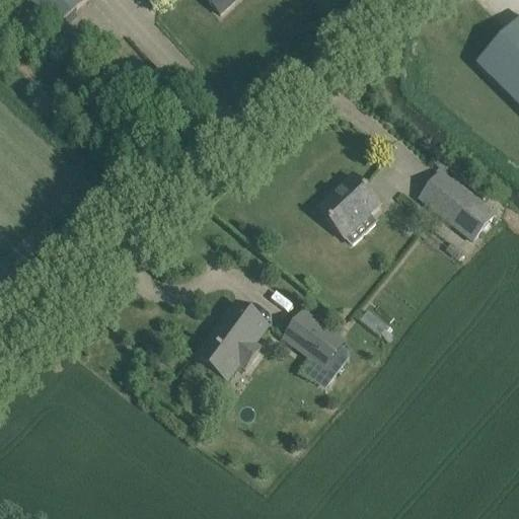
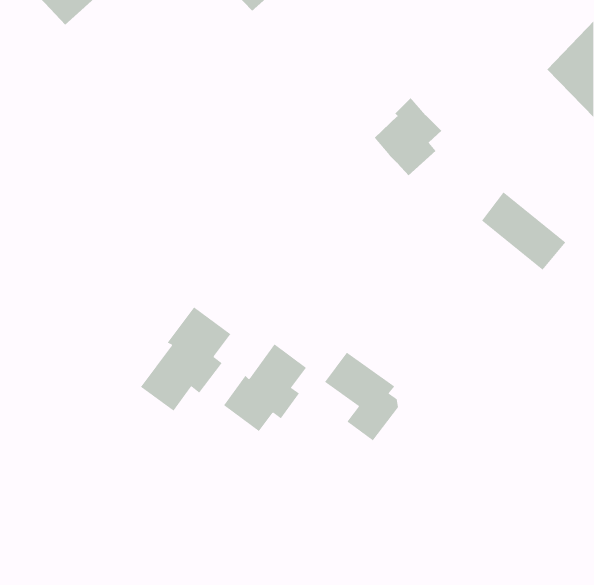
building: [320,171,380,240] -> [374,97,442,176]
building: none -> [140,307,231,412]

